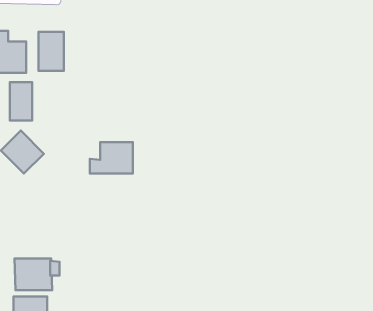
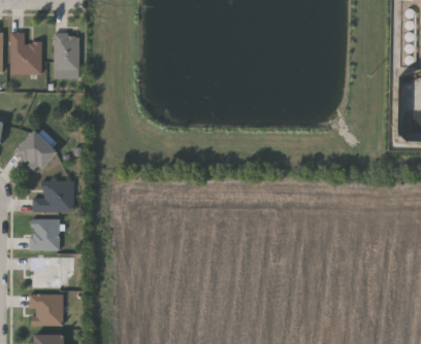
building: [10,82,32,120] -> none
building: [90,142,133,174] -> [31,181,73,212]
building: none -> [29,219,59,249]

